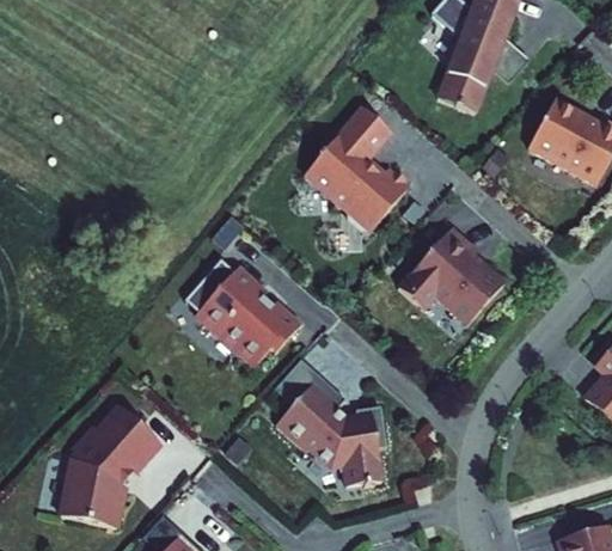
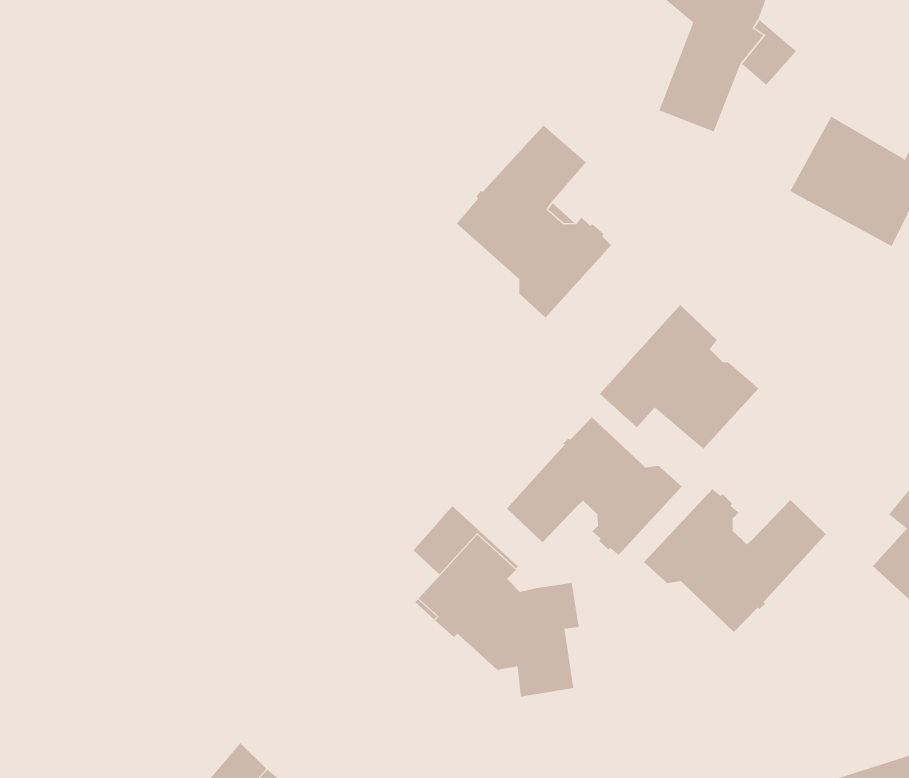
building: [184,258,300,363] -> none
building: none -> [506,416,682,556]
building: none -> [643,488,827,633]
building: [59,405,160,526] -> none

